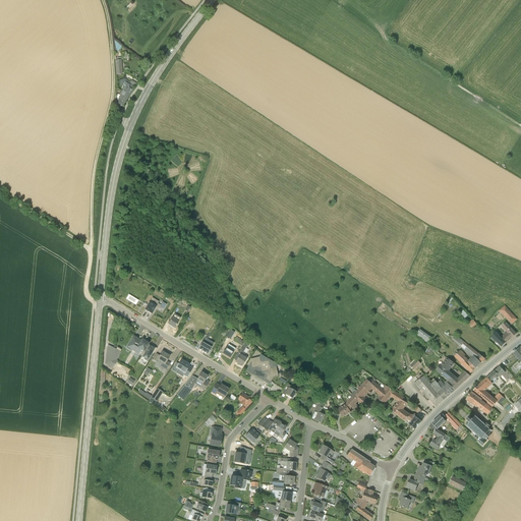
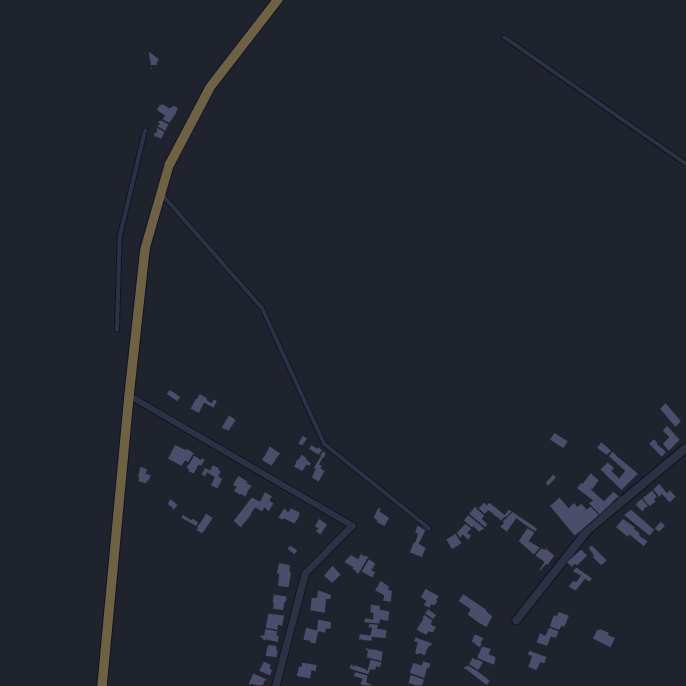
building: [245,353,277,384] -> none
building: [465,415,490,445] -> none

